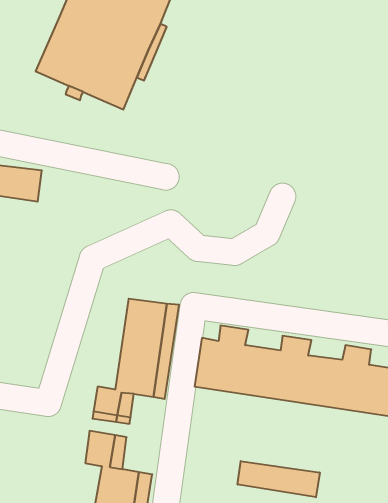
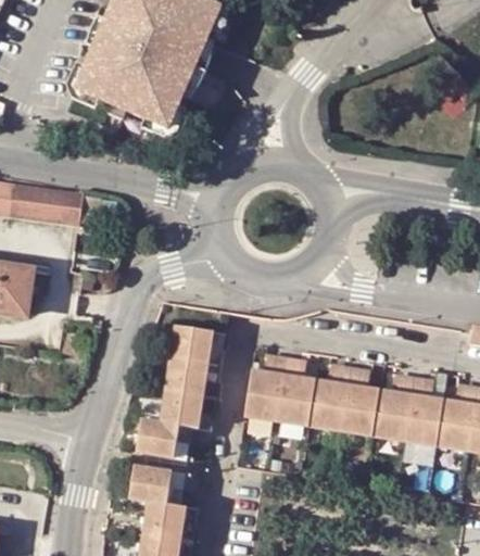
building: [238,461,320,497] -> none

